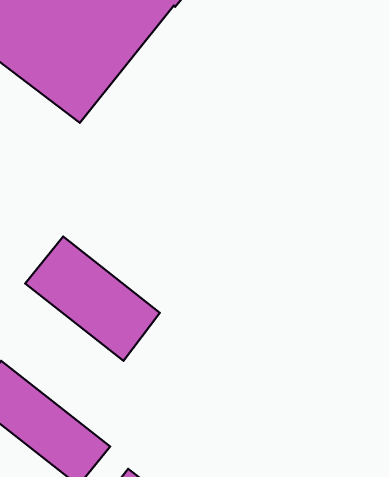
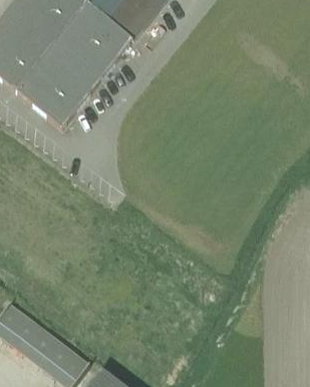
building: [25,237,160,361] -> none

